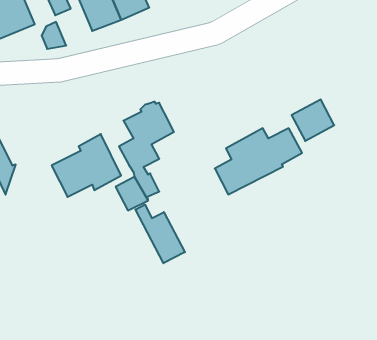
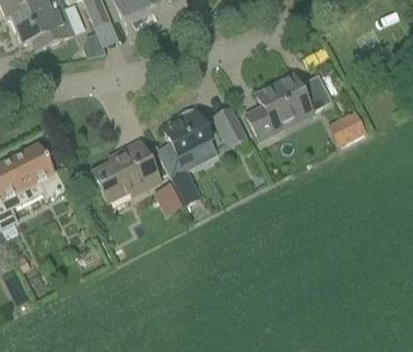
building: none -> [213,106,246,145]
building: [215,128,302,194] -> [246,73,331,138]
building: [135,205,185,263] -> none

